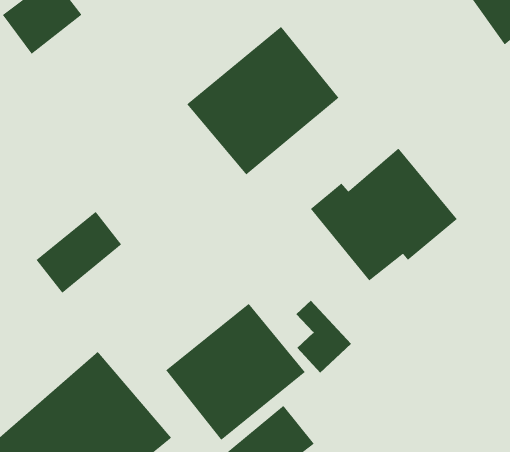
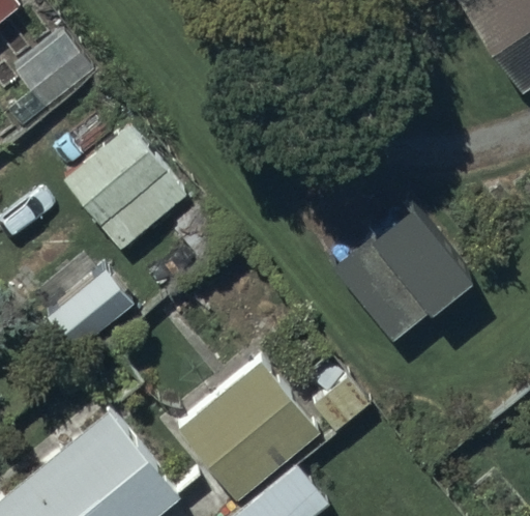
building: [186,26,339,176] -> none
building: none -> [64,125,188,250]

